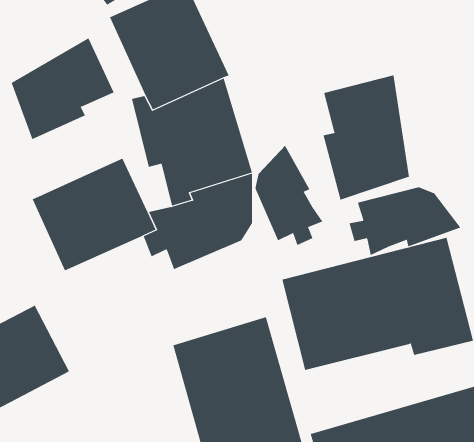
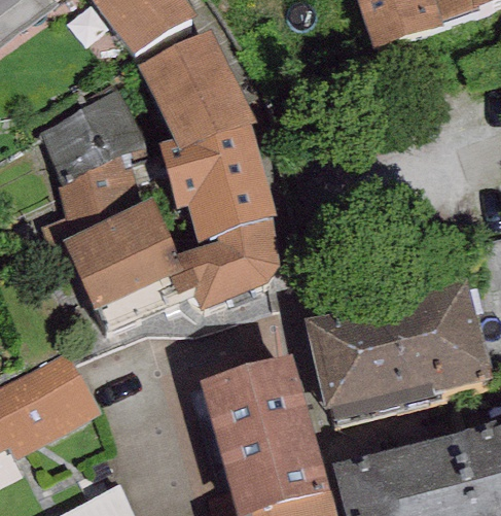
building: [323,75,410,200] -> none
building: none -> [50,141,151,241]
building: [255,145,323,246] -> none
building: [349,187,461,256] -> none

